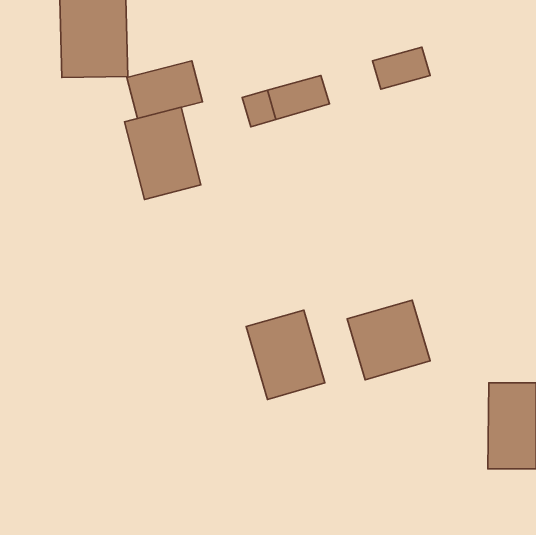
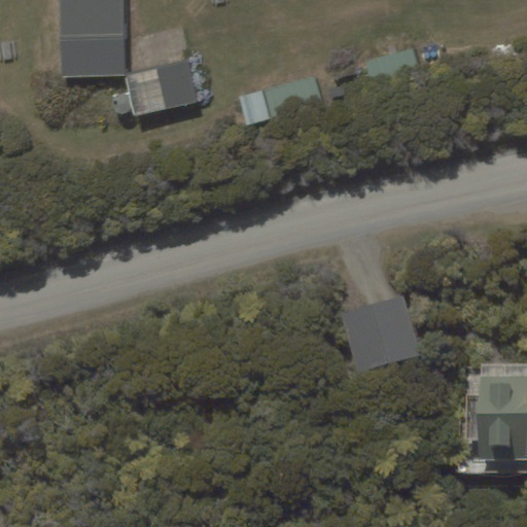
building: [125,107,201,199] -> none
building: [246,310,325,399] -> none

